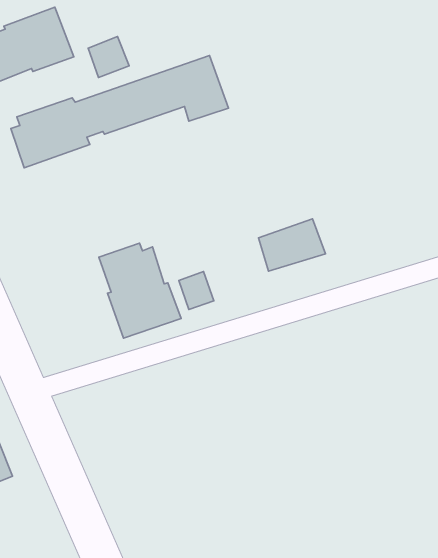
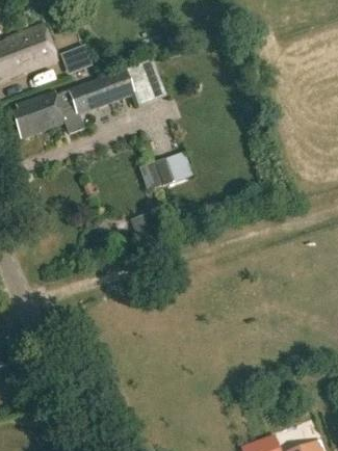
building: [258,219,326,271] -> [147,152,194,189]
building: [99,243,181,338] -> none

